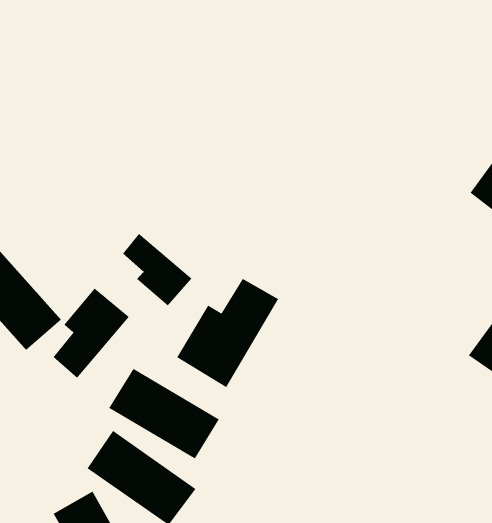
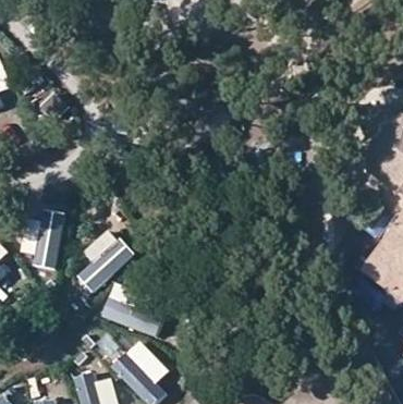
building: [122,233,193,307] -> none
building: [176,278,279,388] -> none

